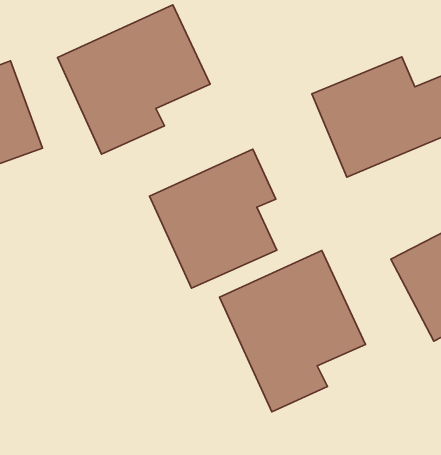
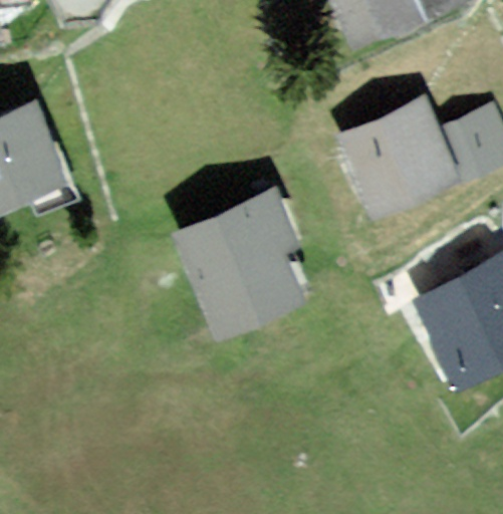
building: [57,5,210,154] -> none
building: [219,250,365,412] -> none

